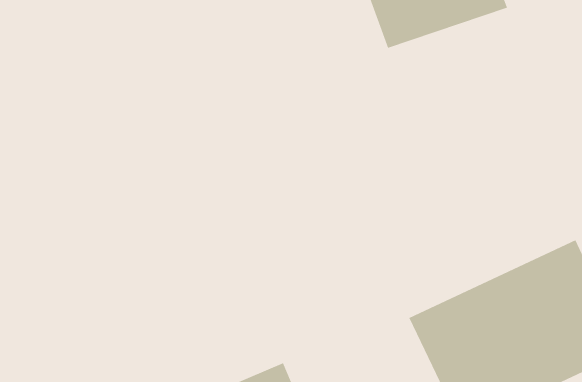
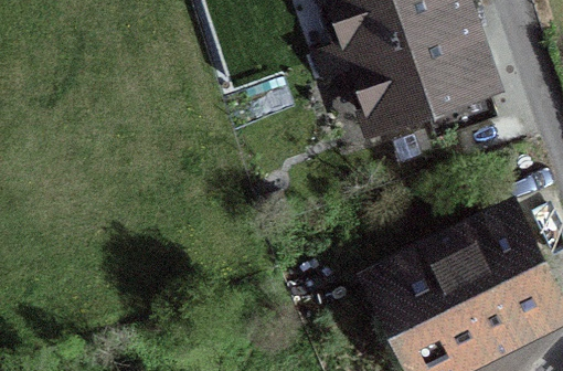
building: none -> [353,17,487,129]

